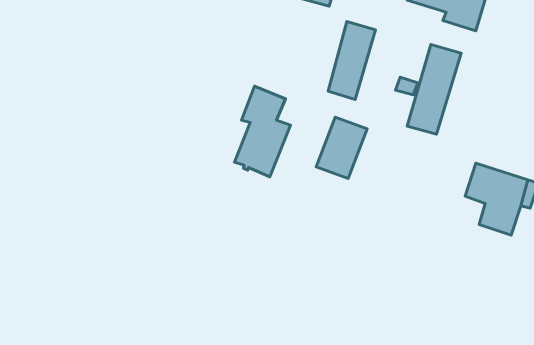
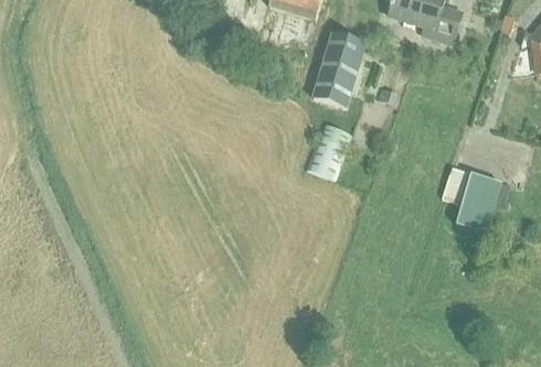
building: [407,44,461,134] -> none
building: [234,86,290,177] -> none

